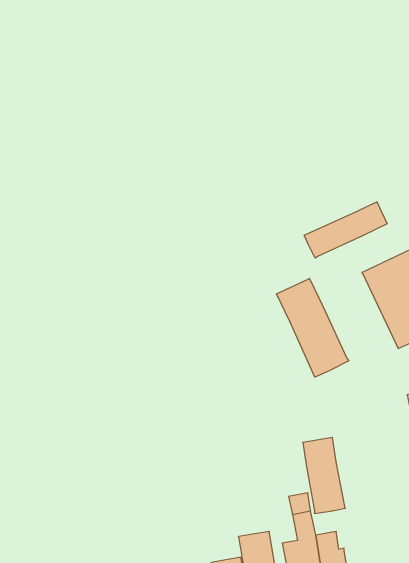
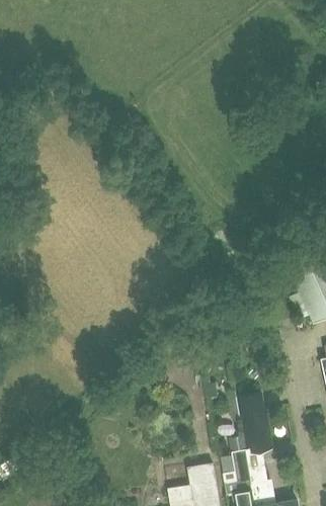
building: [304,202,387,258] -> none
building: [277,278,349,377] -> none

